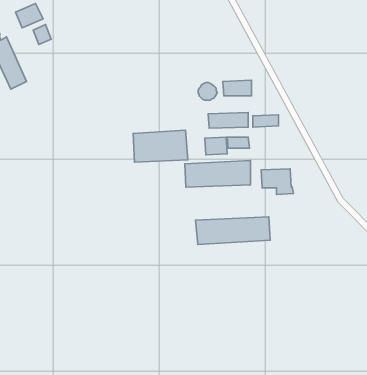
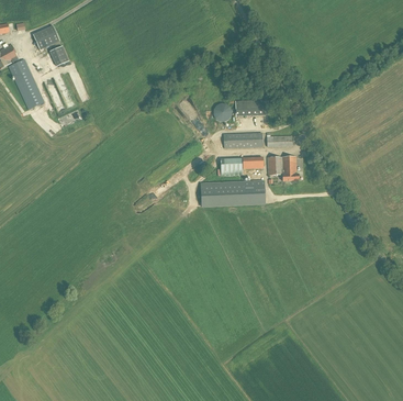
building: [133,130,188,162] -> none
building: [261,169,293,195] -> [267,156,299,181]
building: [196,217,270,244] -> none

